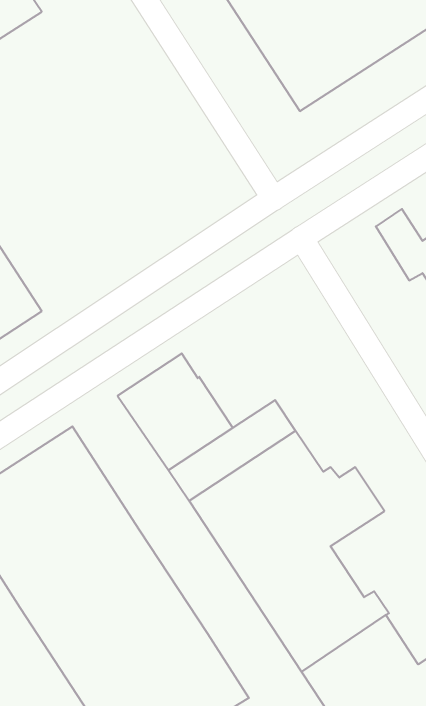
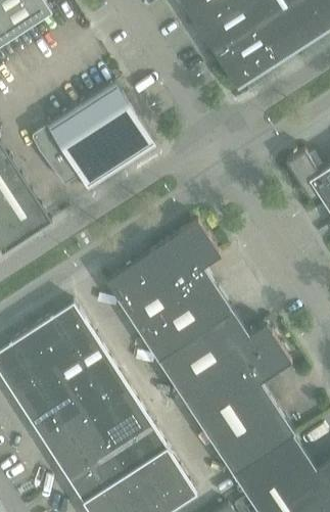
building: none -> [32,83,156,191]
building: none -> [150,221,222,305]

